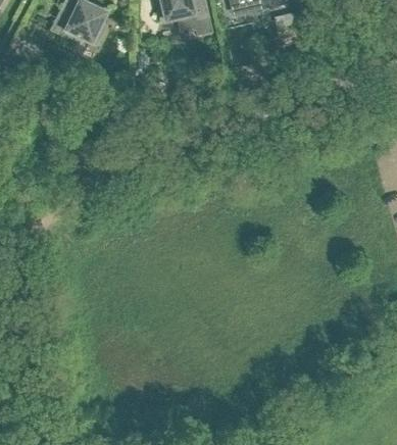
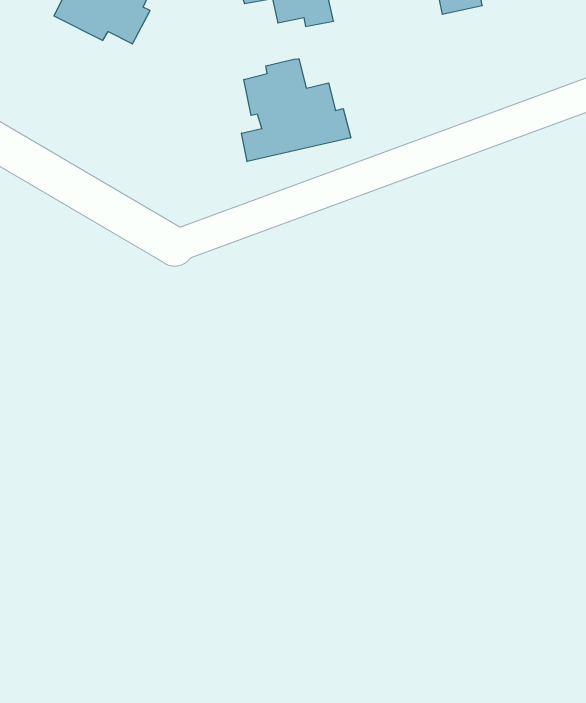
building: none -> [242,59,351,162]

